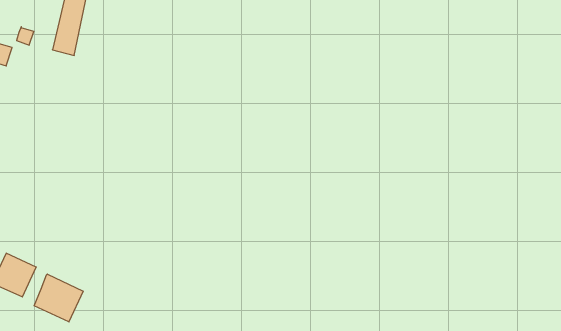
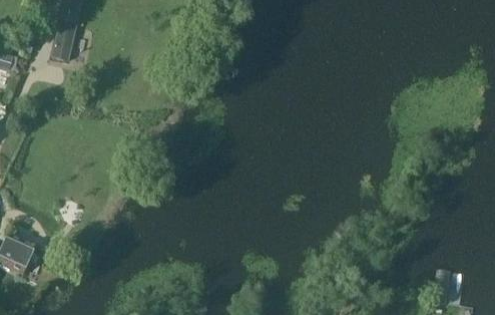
building: [34,274,83,322] -> none

